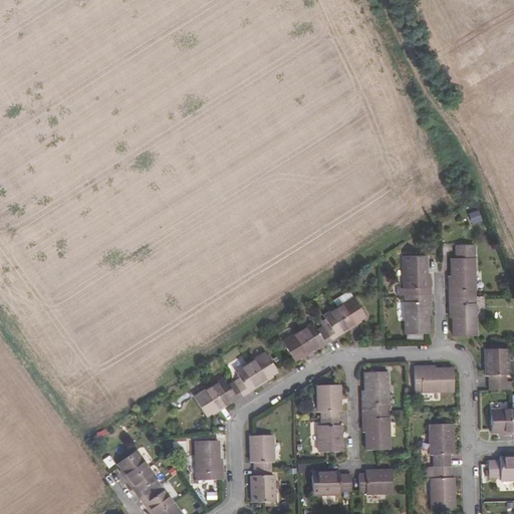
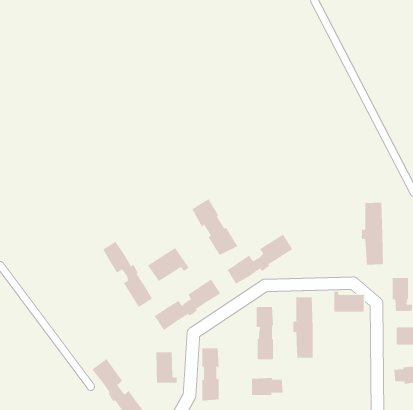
building: none -> [191,198,238,256]
building: [406,255,431,331] -> none
building: none -> [102,241,153,308]
building: none -> [147,247,189,282]
building: [430,426,454,509] -> none
building: [359,472,393,494] -> none

